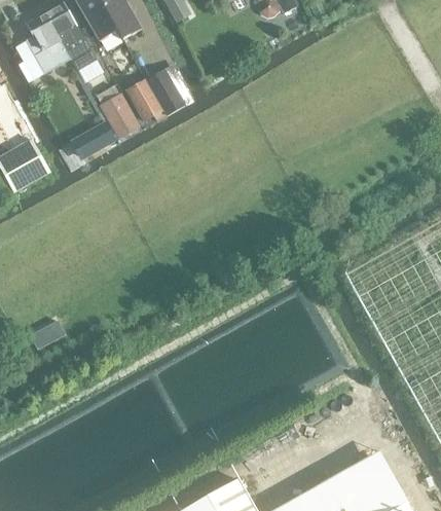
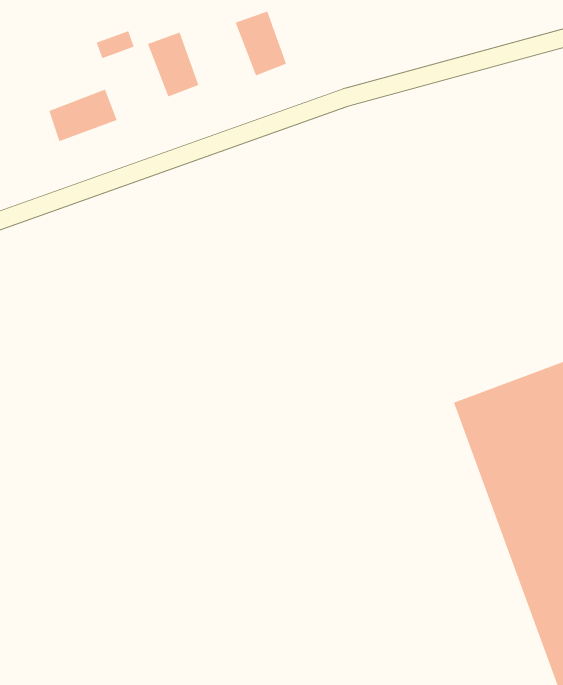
building: [148,70,183,110] -> [235,11,287,76]
building: [104,97,139,136] -> none

